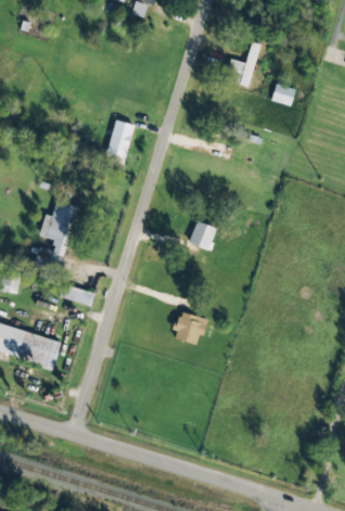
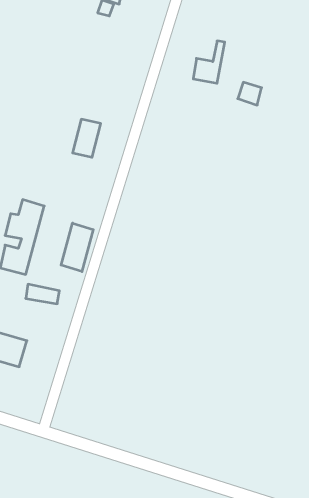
building: [189,221,217,251] -> none
building: none -> [61,223,93,272]
building: [175,312,207,344] -> none

